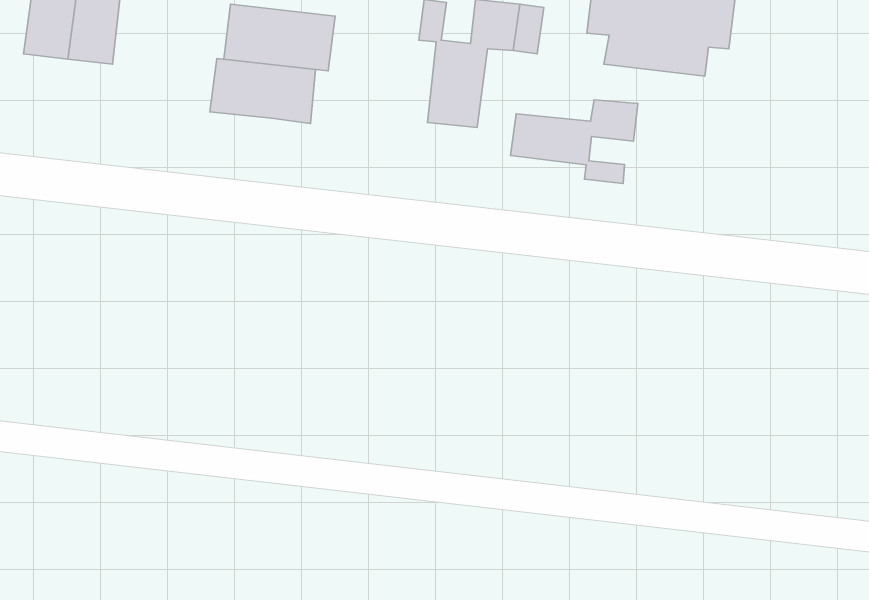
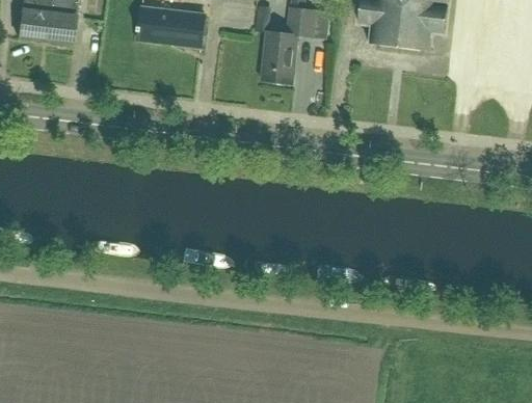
building: [210,58,315,123] -> none
building: [511,100,638,183] -> none

